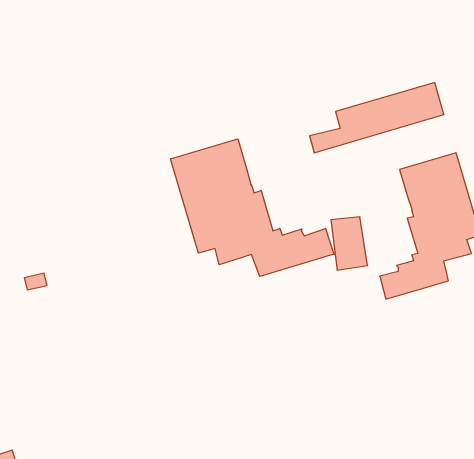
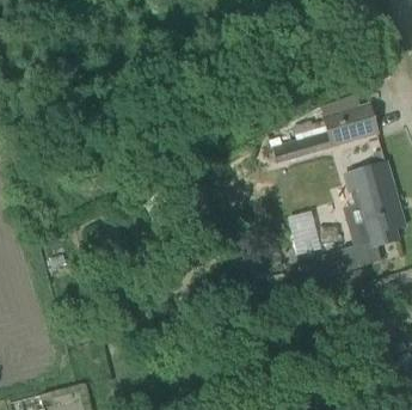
building: [171,139,334,276] -> none

